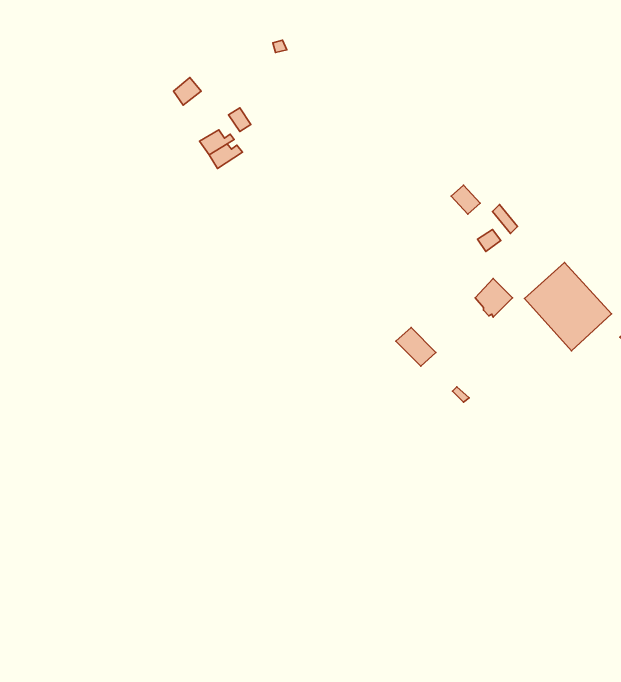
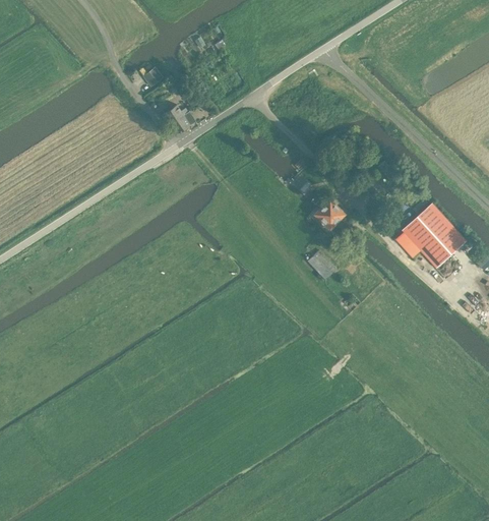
building: [475,278,512,317] -> [315,199,343,228]

